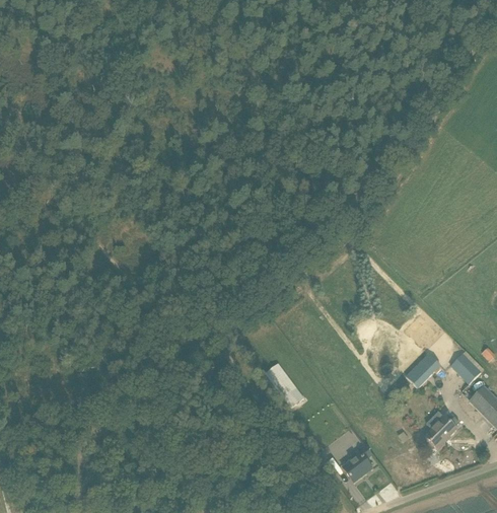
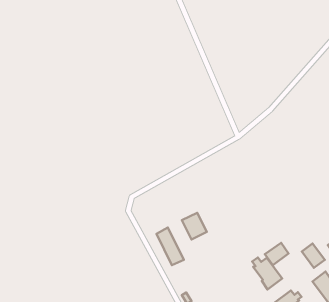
building: none -> [182,213,207,240]
building: none -> [252,257,282,290]

